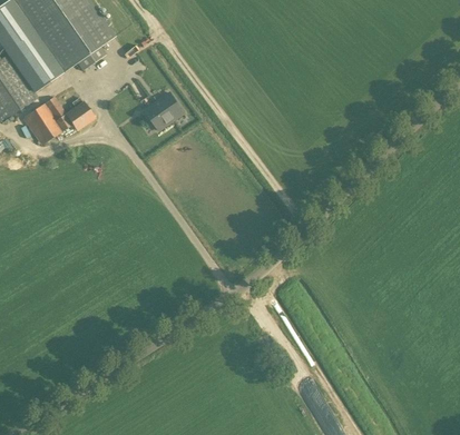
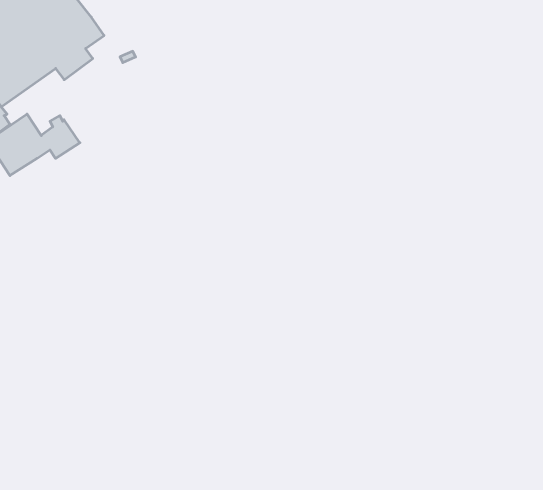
building: [143,93,182,130] -> none

